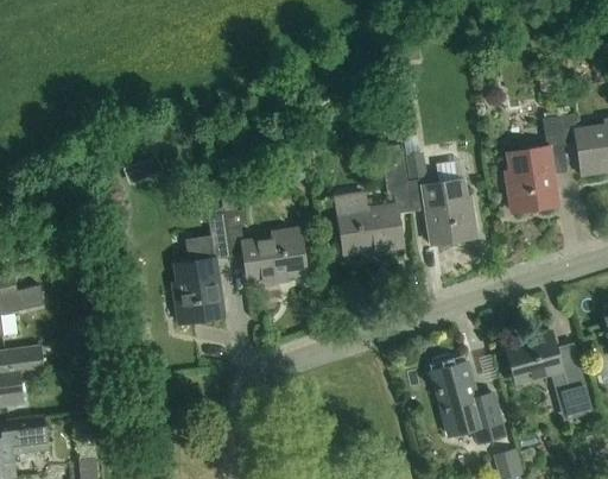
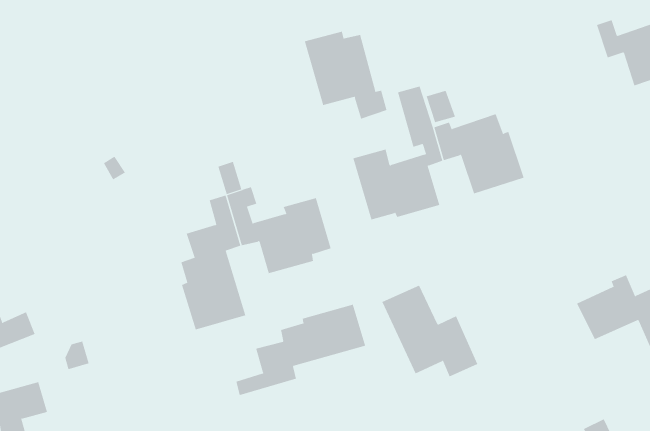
building: none -> [304,31,387,120]
building: [506,118,568,212] -> none
building: none -> [236,304,366,396]
building: [431,361,505,443] -> [381,285,478,377]

